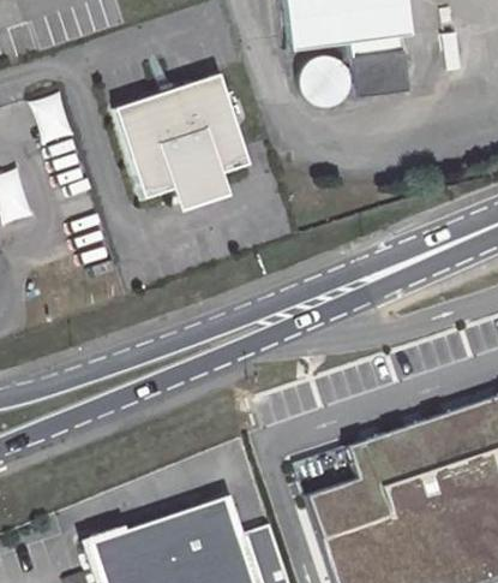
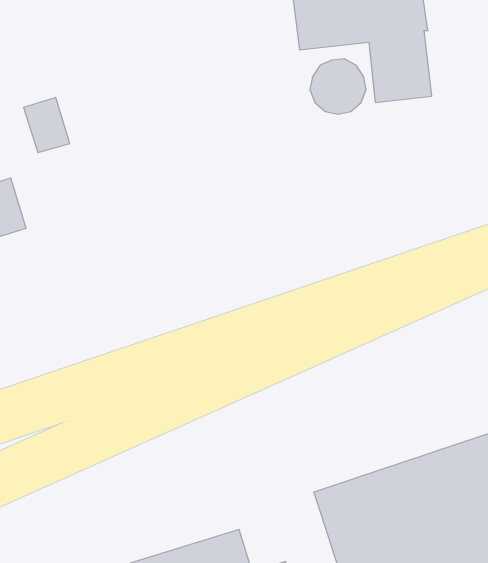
building: [125,83,258,206] -> none

